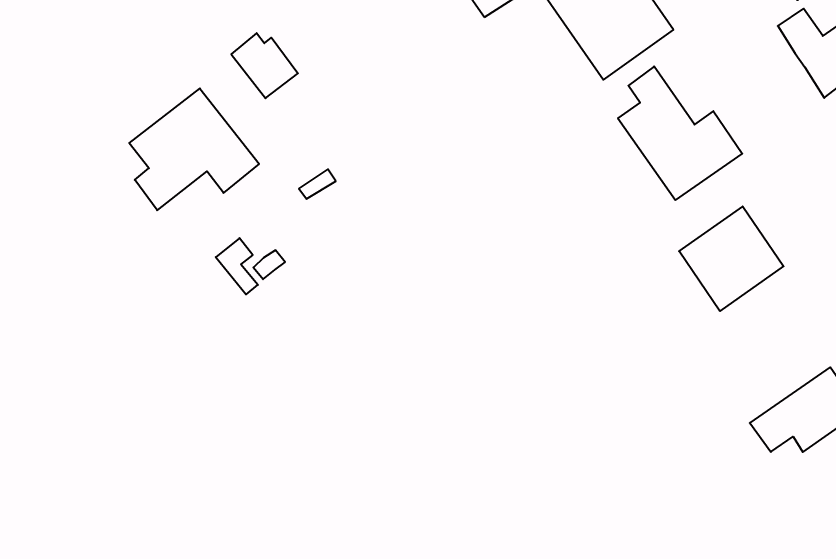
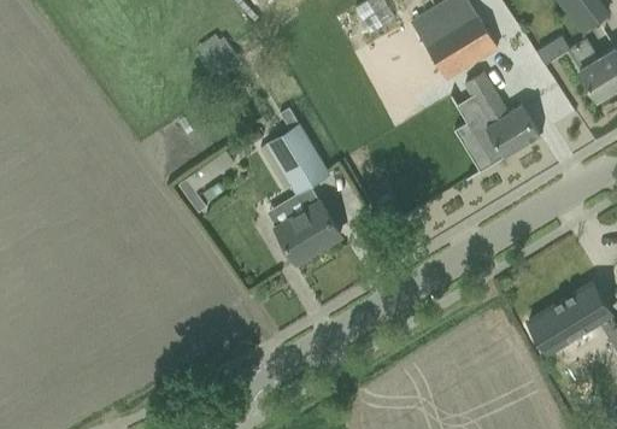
building: [129,88,259,210] -> none
building: none -> [266,107,341,263]
building: [679,206,784,311] -> none

